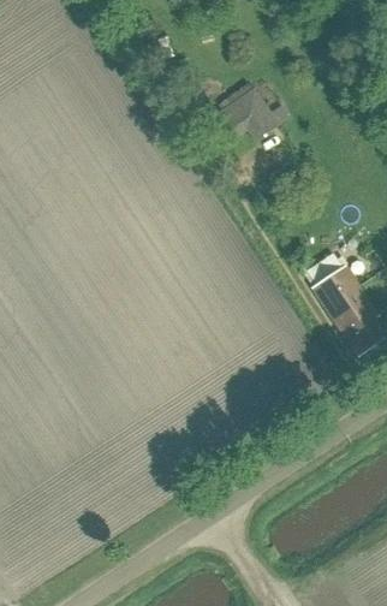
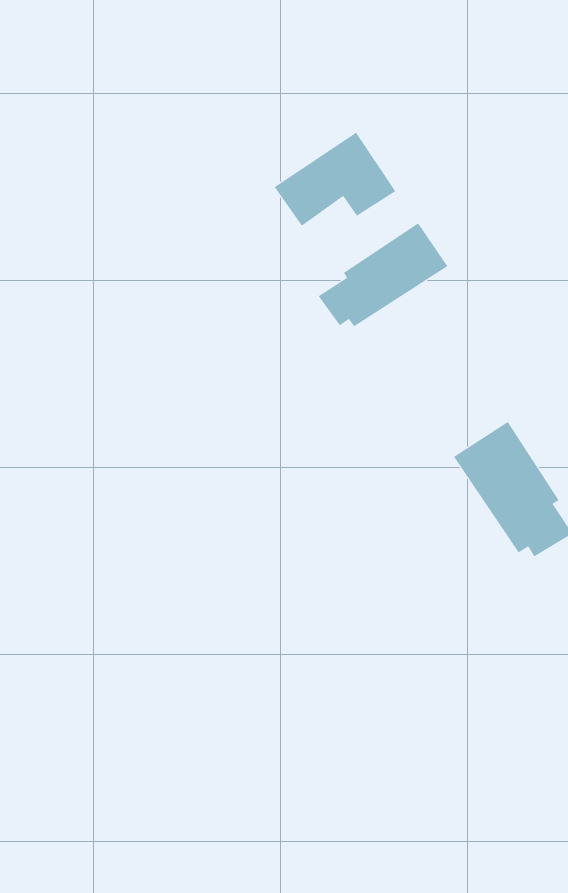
building: none -> [318,222,448,327]

